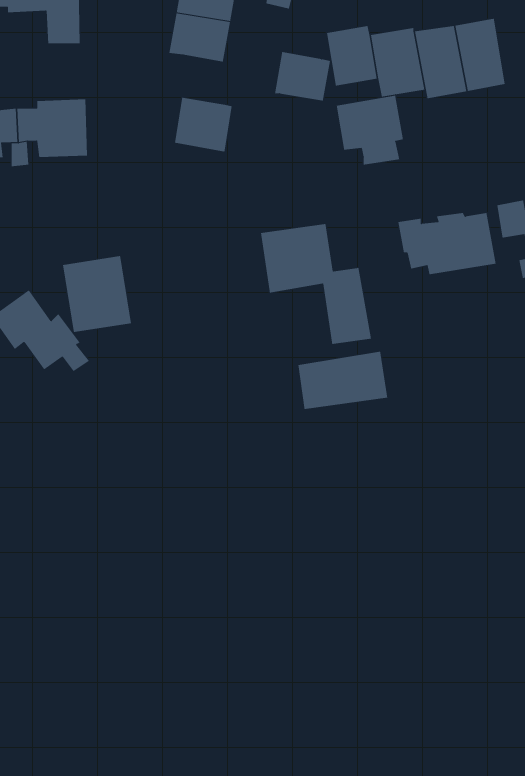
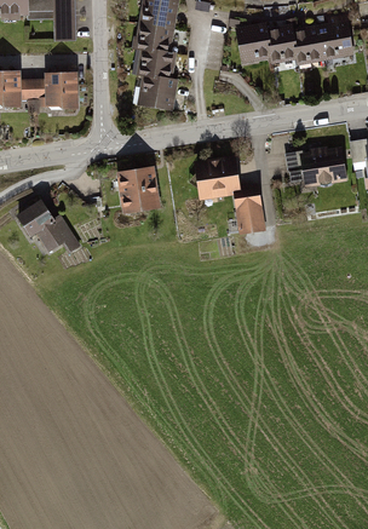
building: [274,52,331,101] -> [137,44,174,76]
building: [336,95,403,166] -> none
building: [62,256,132,333] -> [115,166,161,217]
building: [298,351,388,410] -> none

